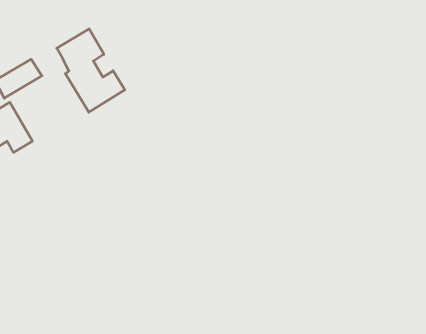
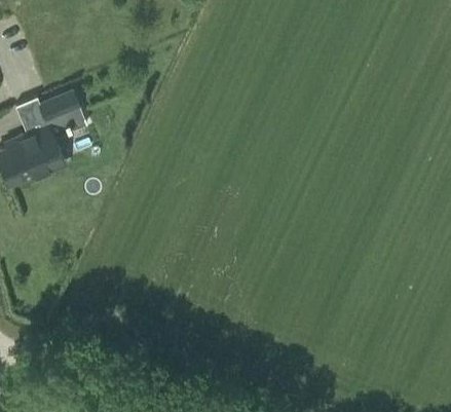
building: [57,29,125,112] -> none

